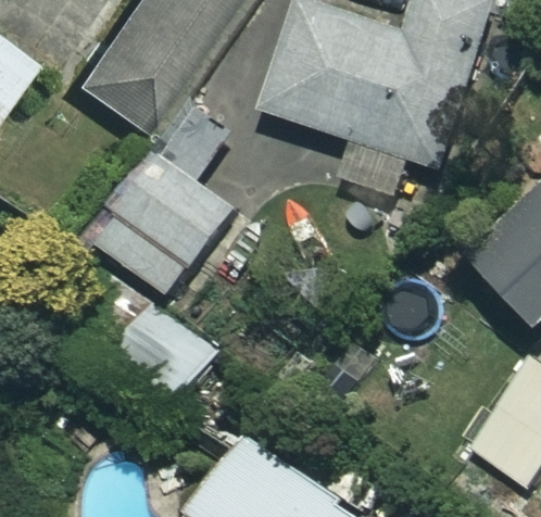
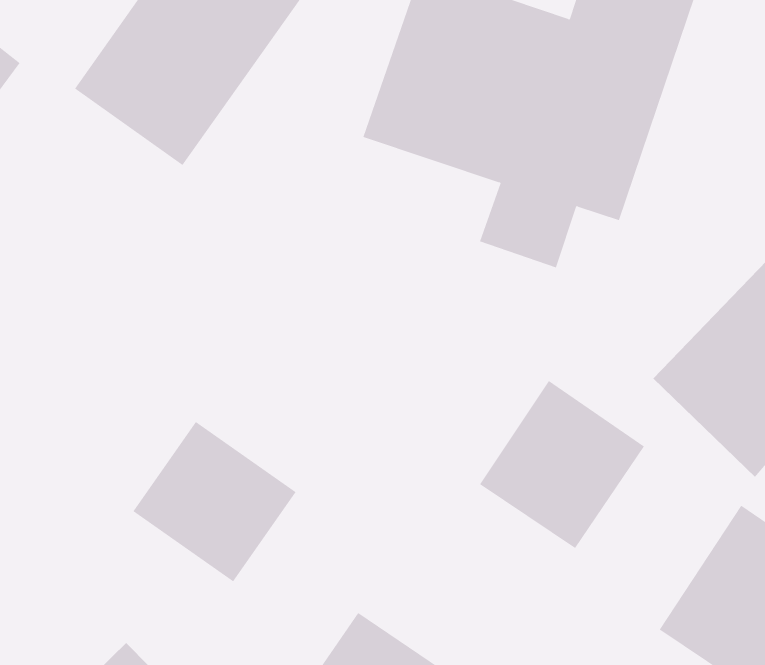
building: [97,152,236,295] -> none

